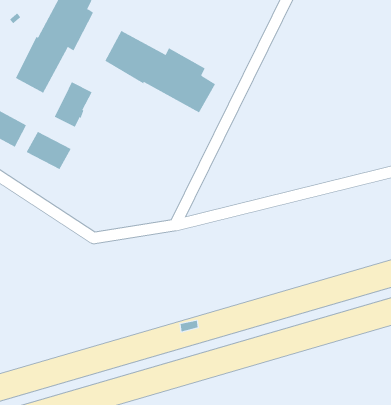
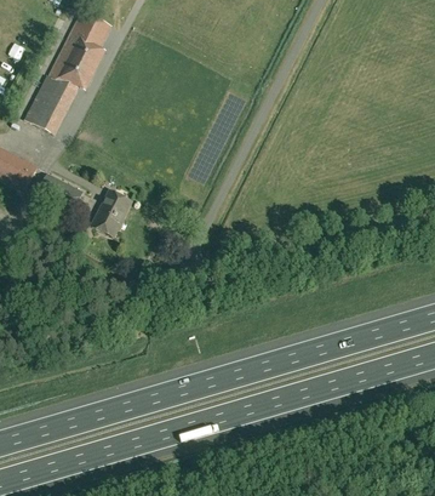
building: [104,30,216,113] -> none
building: [54,82,93,127] -> [91,189,131,236]

